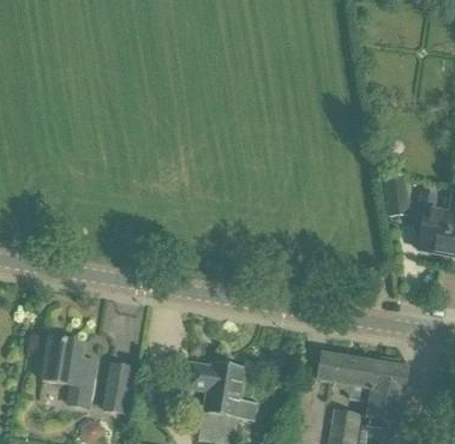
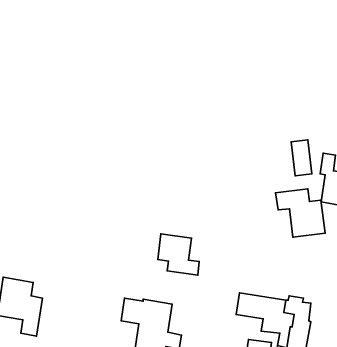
building: none -> [276,189,325,237]
building: none -> [158,234,199,275]
building: [106,362,134,410] -> none

